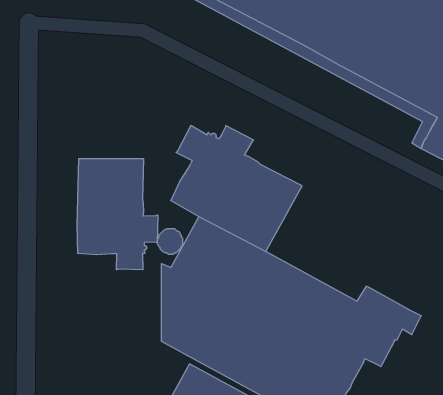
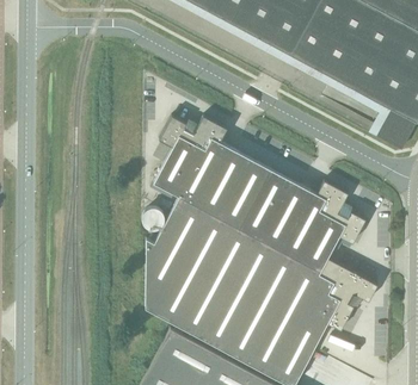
building: [77,159,158,270] -> none
building: none -> [240,169,367,272]

